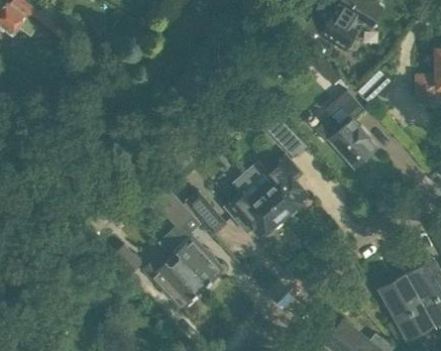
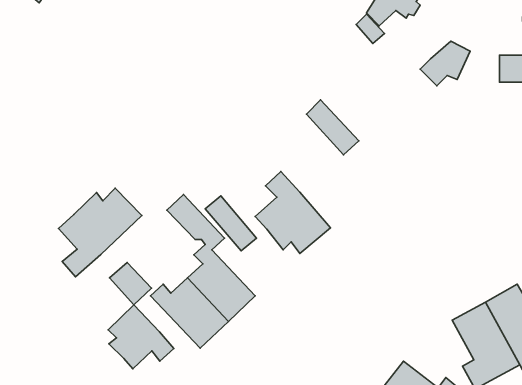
building: [315,91,376,167] -> none
building: [245,154,307,216] -> none
building: none -> [59,188,142,277]
building: none -> [108,305,174,369]

